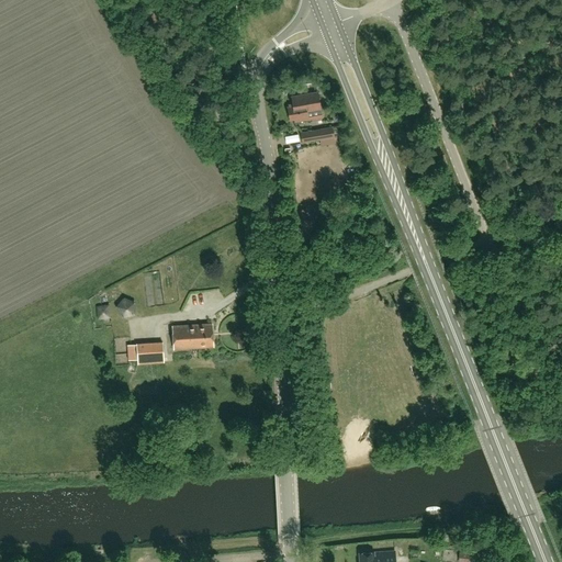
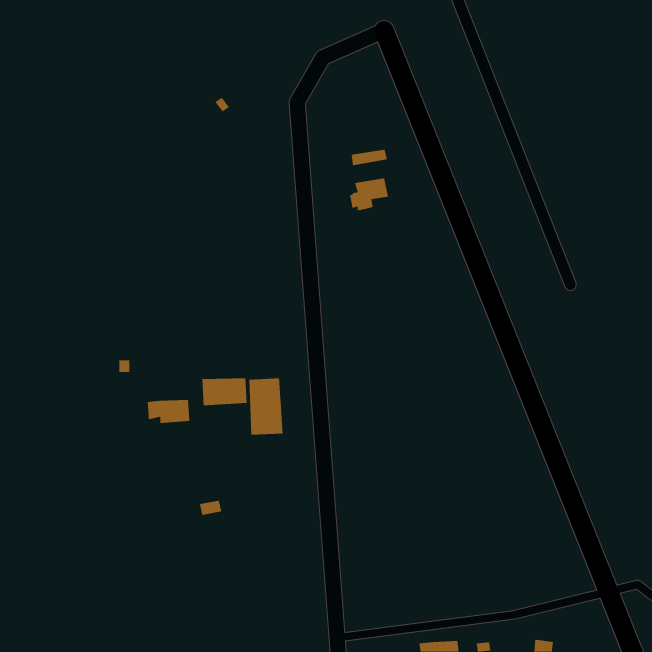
building: [288,93,322,122] -> [349,178,389,211]
building: none -> [249,378,283,436]

